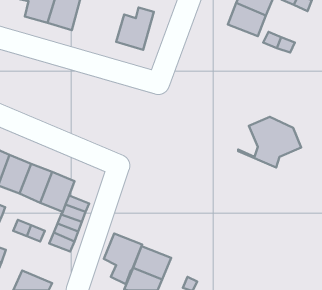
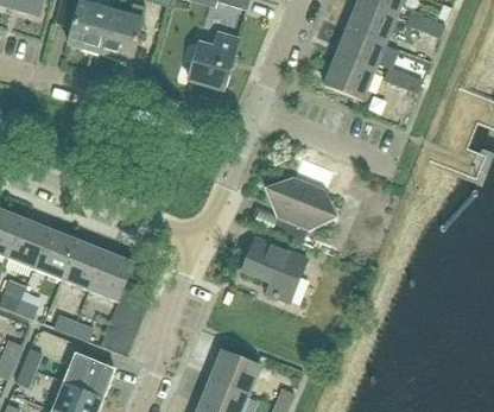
building: none -> [323,56,374,100]
building: [238,117,301,168] -> [253,176,336,242]
building: none -> [241,236,304,302]
building: [104,233,142,284] -> none
building: none -> [64,351,114,395]

